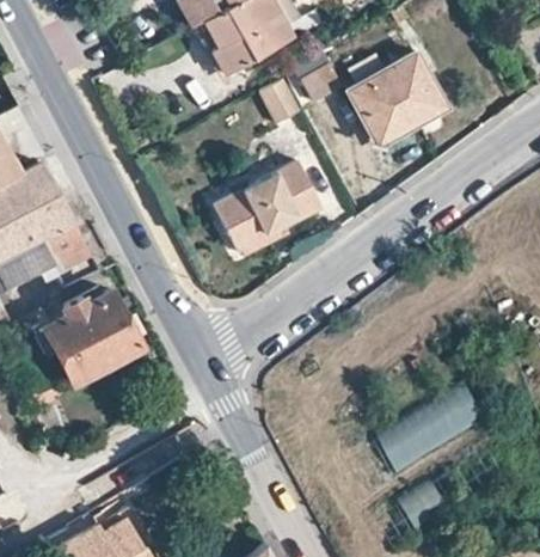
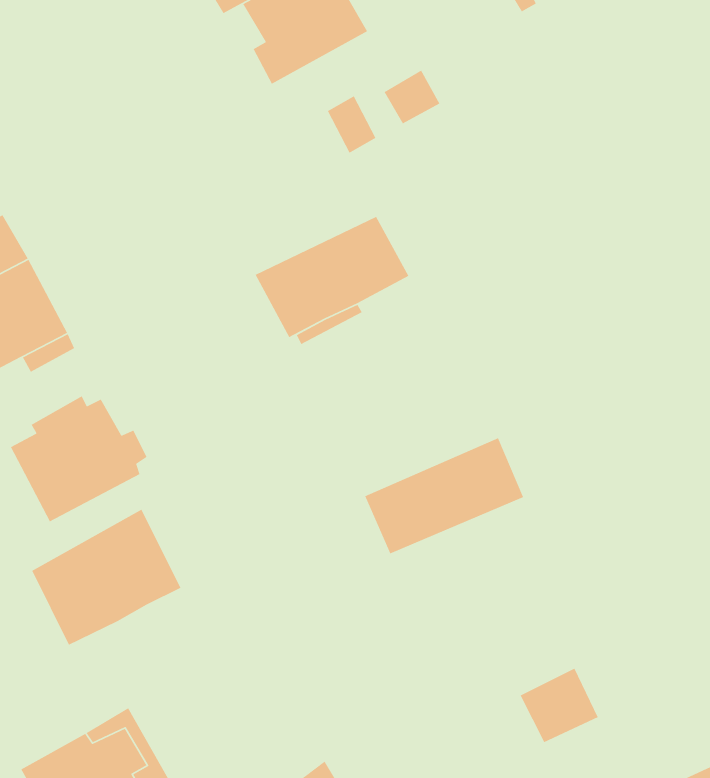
building: [348,54,446,139] -> none
building: none -> [31,509,181,646]
building: [375,388,486,470] -> [364,437,524,554]

